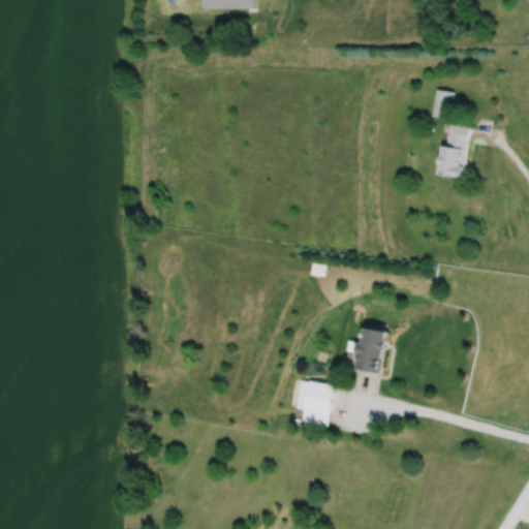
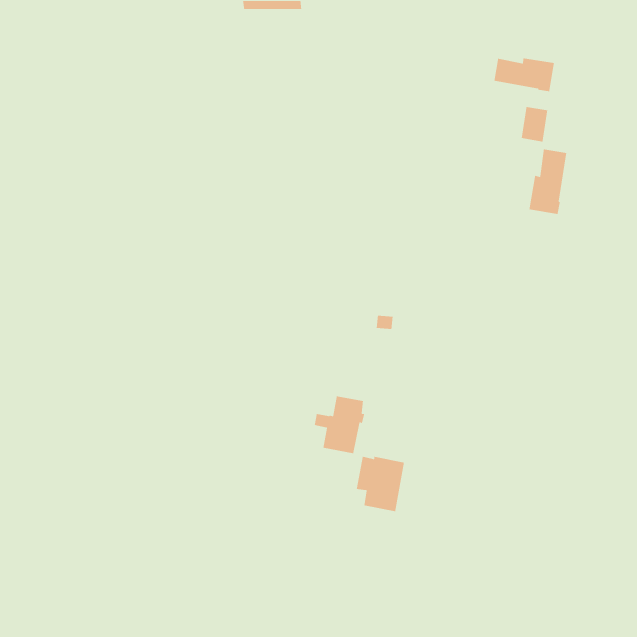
building: none -> [494,58,555,92]
building: [347,323,390,372] -> [314,396,365,454]

